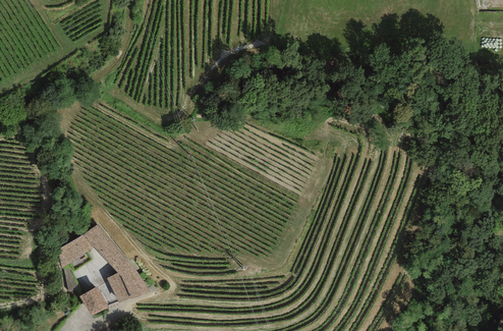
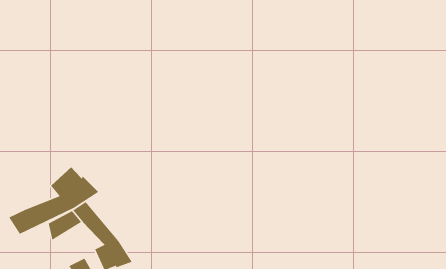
building: none -> [8,166,99,235]

